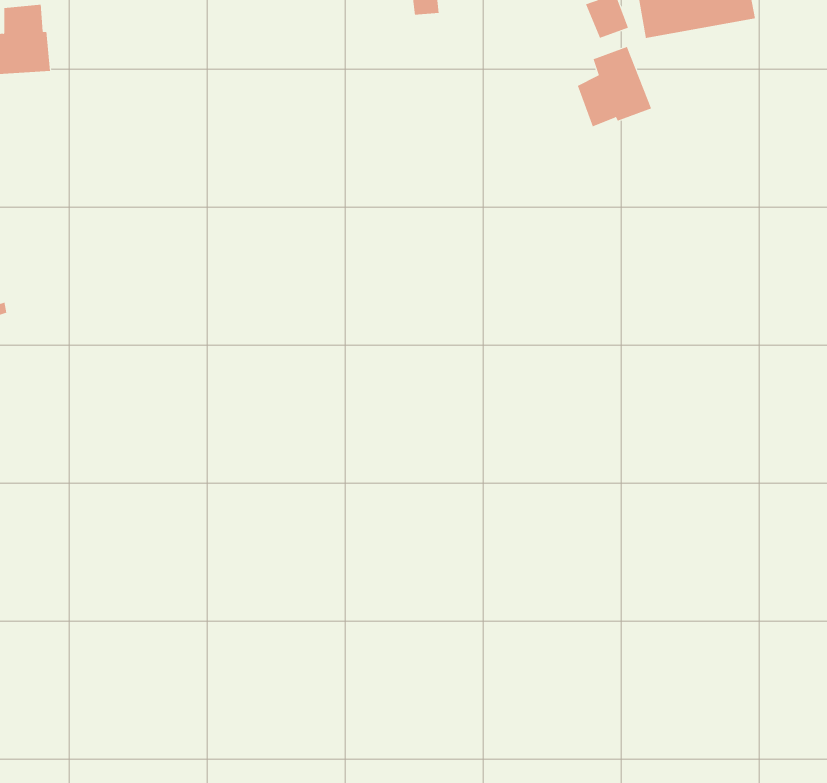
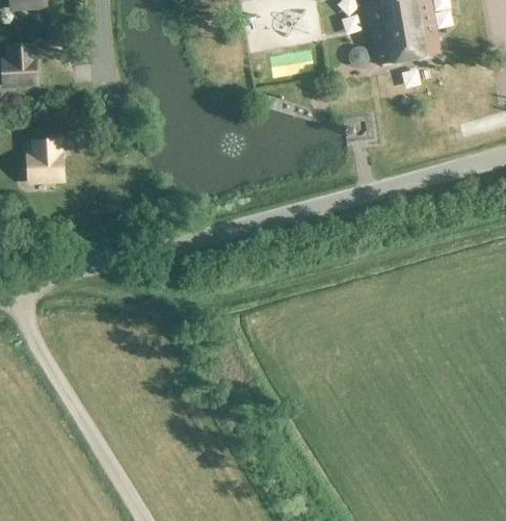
building: [577,46,652,127] -> none
building: none -> [26,141,60,181]

